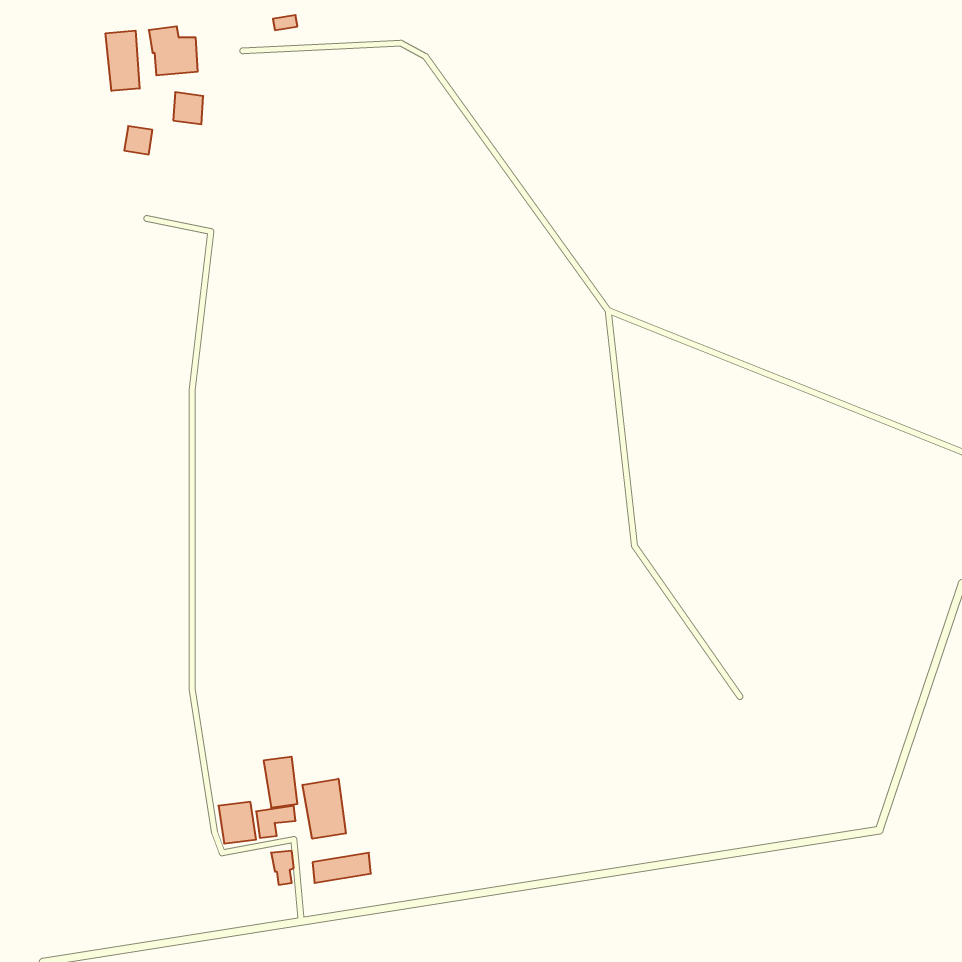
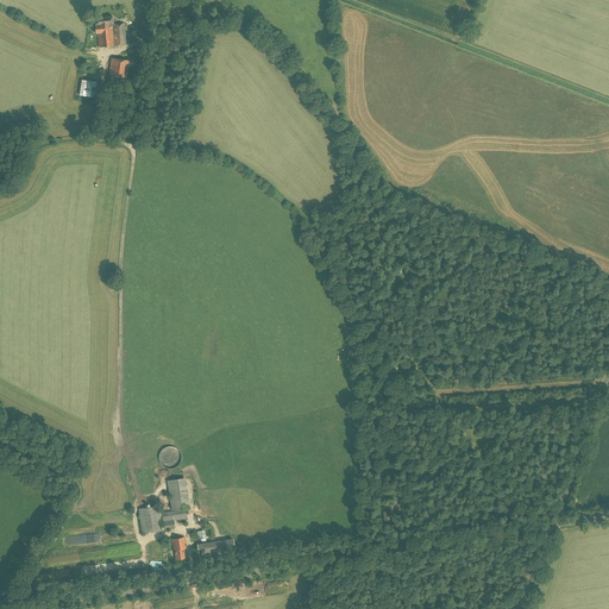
building: [106,31,140,91] -> none
building: [303,779,346,839] -> none

